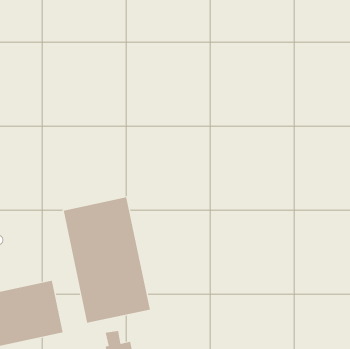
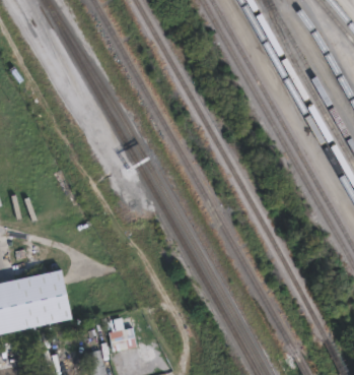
building: [63,197,150,324] -> none

